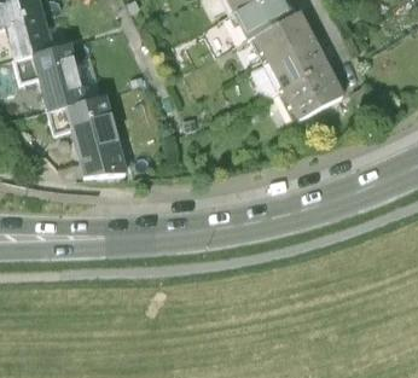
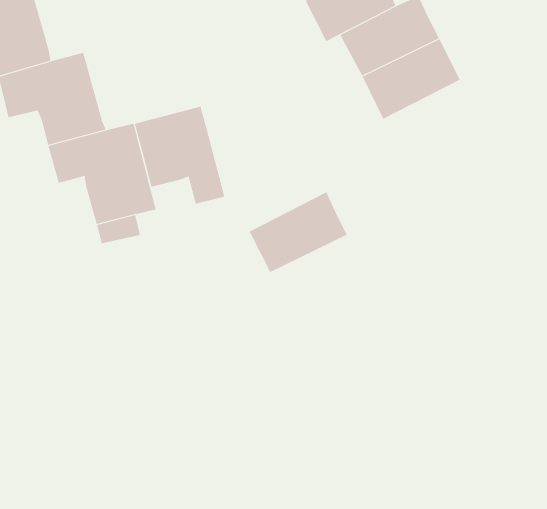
building: [280,63,349,120] -> [249,192,347,273]
building: none -> [134,106,225,204]

